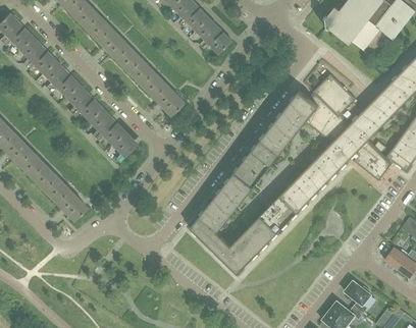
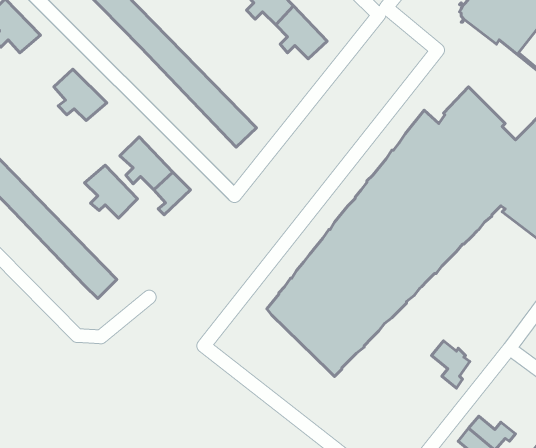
building: [19,38,56,73] -> none
building: [65,85,102,121] -> [85,165,138,218]
building: [346,281,372,314] -> [432,341,470,388]

